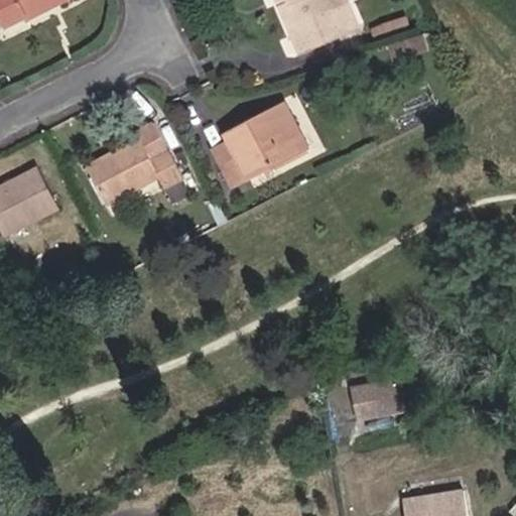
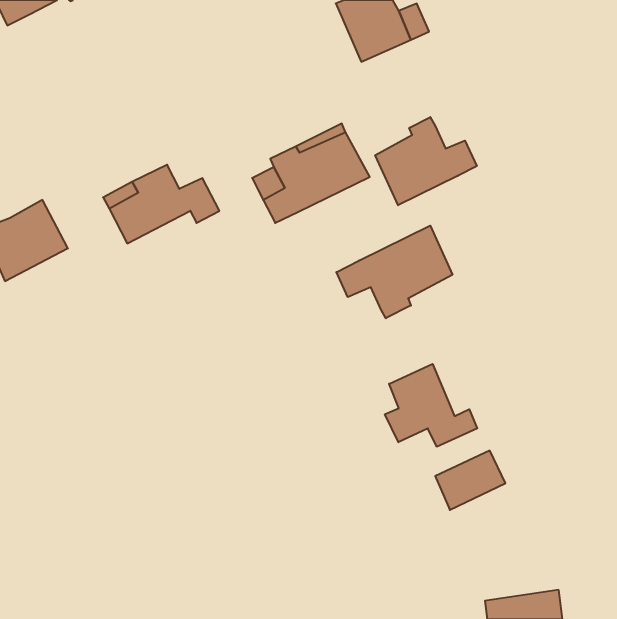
building: none -> [375,117,477,205]
building: none -> [336,226,452,318]
building: none -> [385,364,477,447]

